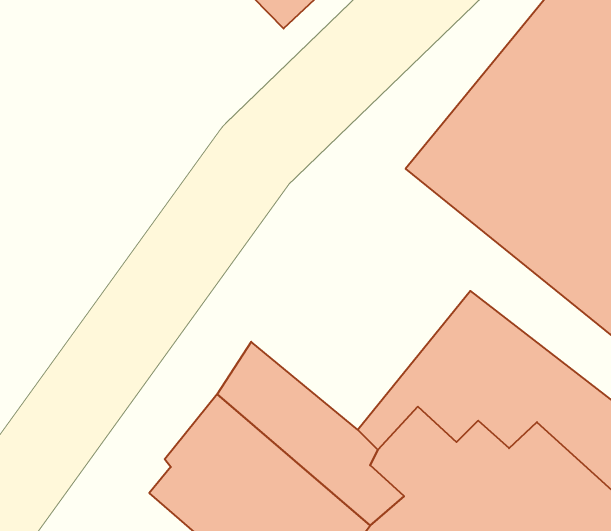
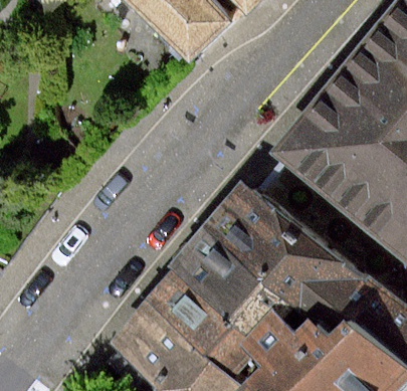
building: none -> [170,179,313,322]

